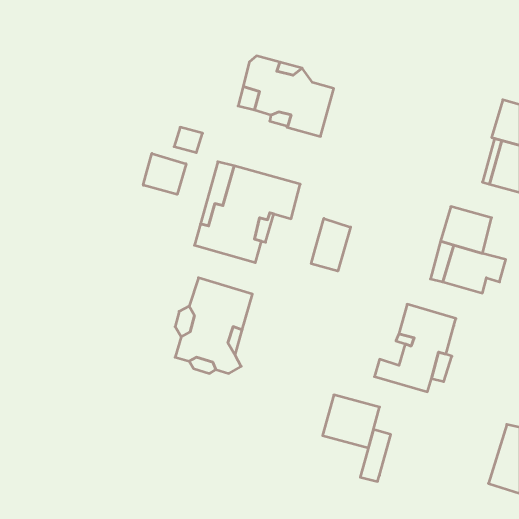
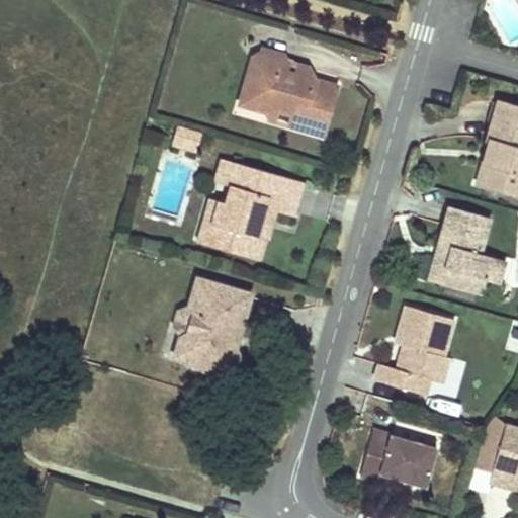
building: [143,153,186,194] -> none
building: [311,218,351,271] -> none
building: [323,395,380,448] -> [378,432,435,485]

